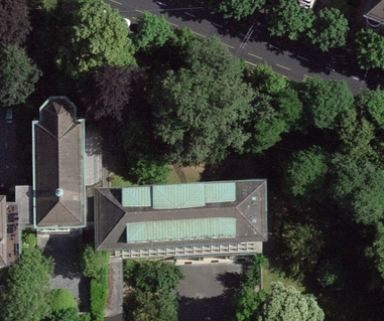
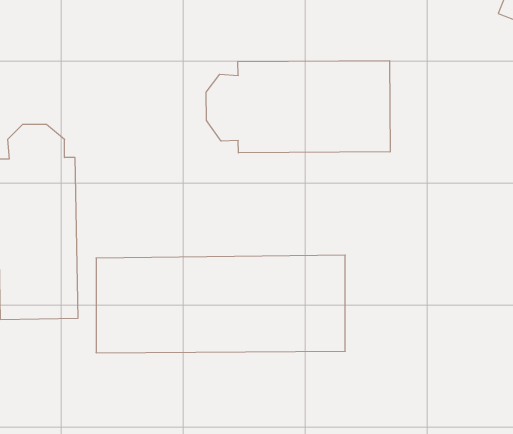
building: none -> [206,61,390,153]

